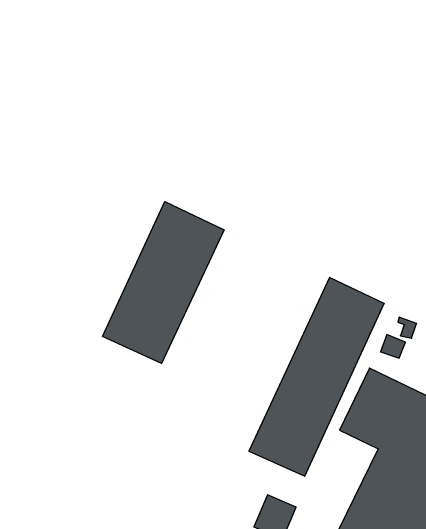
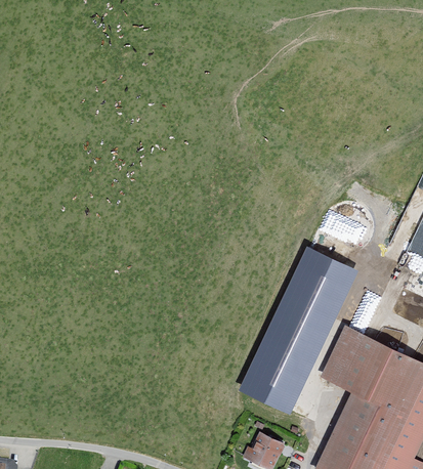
building: [102,202,224,363] -> none

